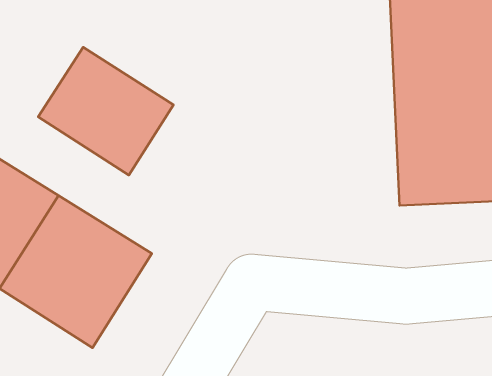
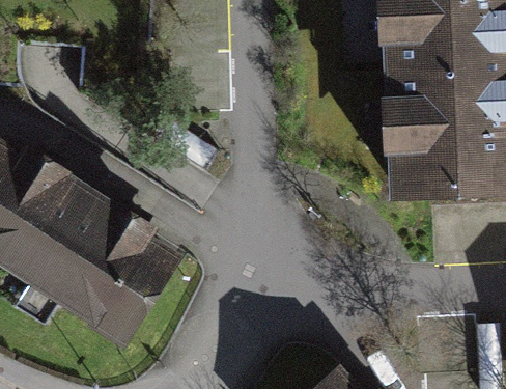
building: [38,47,174,175] -> none

